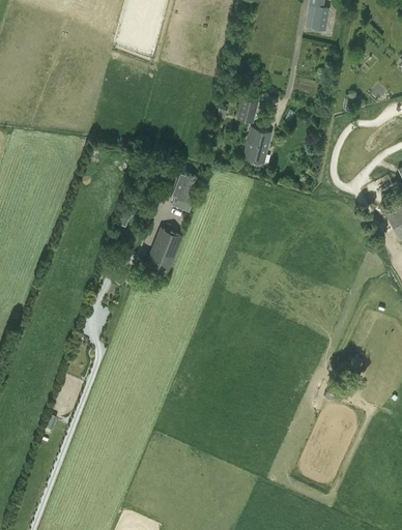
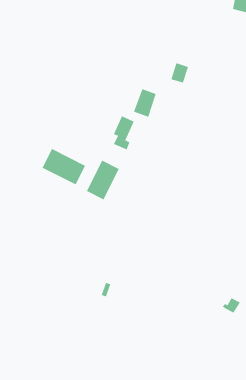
building: [243,126,270,161] -> [133,88,156,117]
building: none -> [42,148,86,185]

